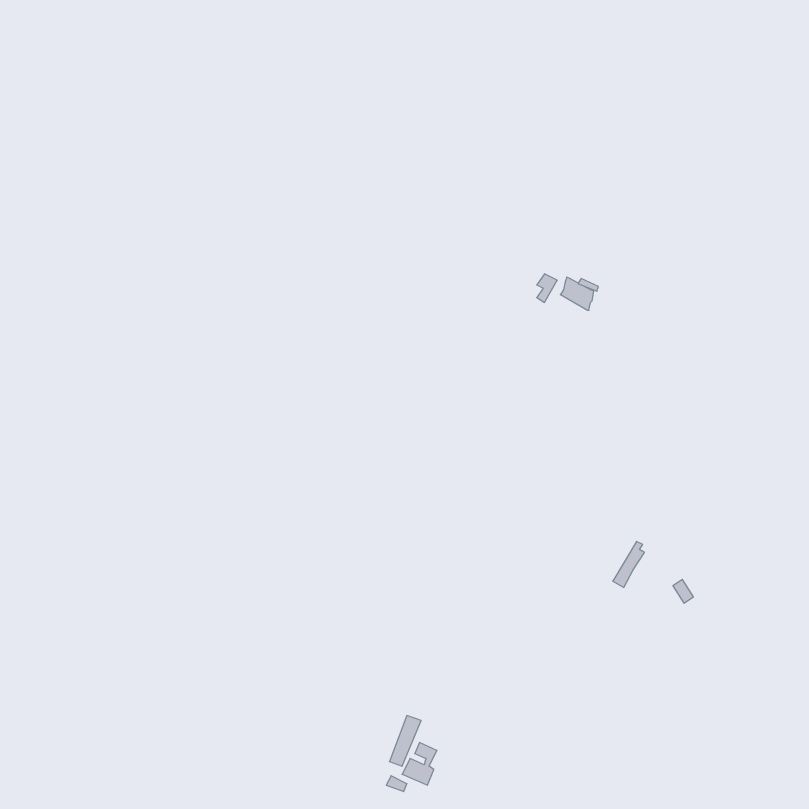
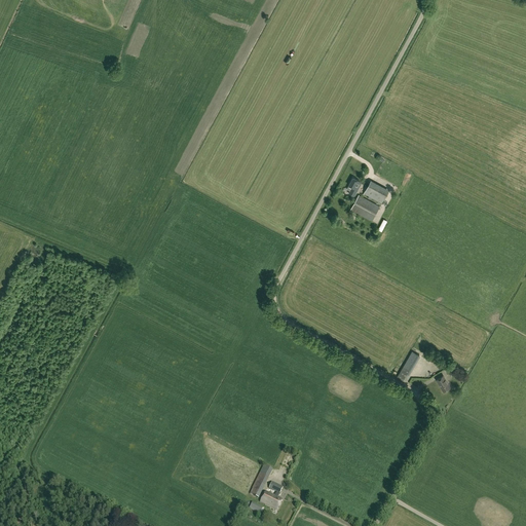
building: none -> [350,195,379,221]

